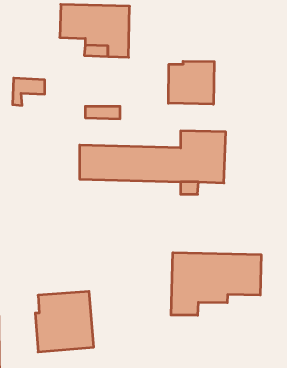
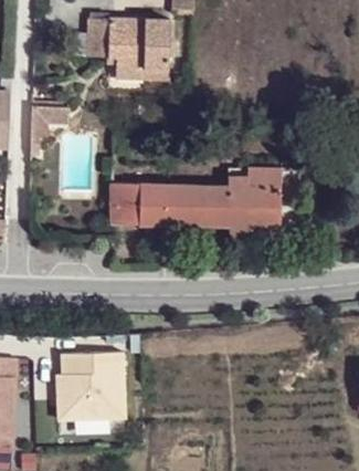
building: [168,61,214,104] -> none
building: [171,253,261,315] -> none

